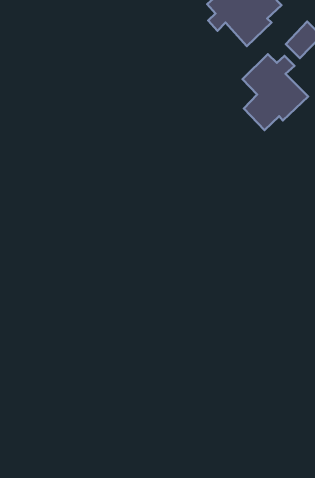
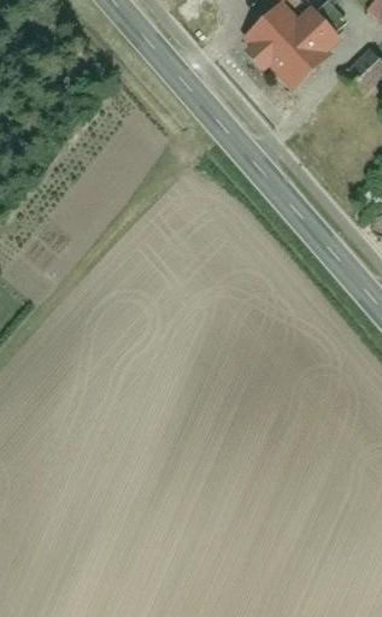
building: [243,54,308,130] -> none

